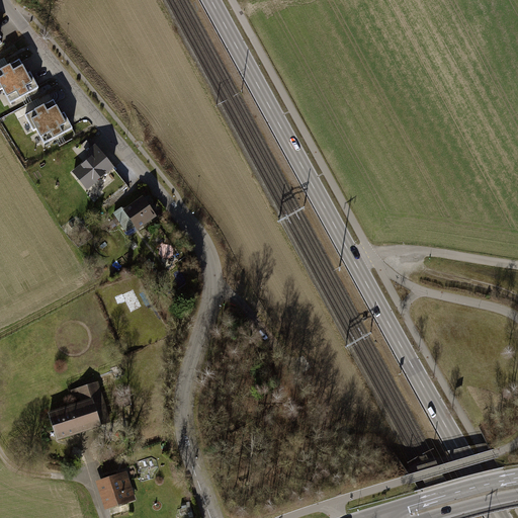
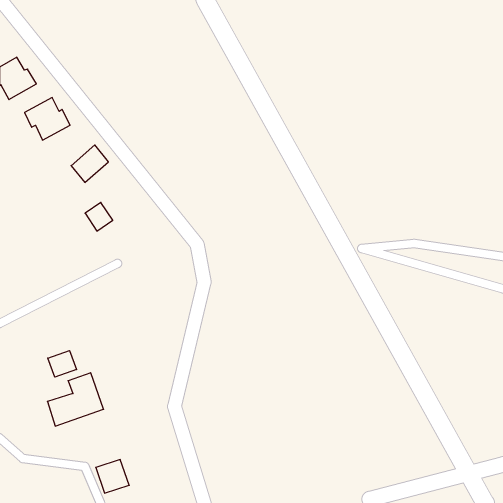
building: [124,197,153,227] -> [85,202,113,231]
building: none -> [48,351,77,377]

